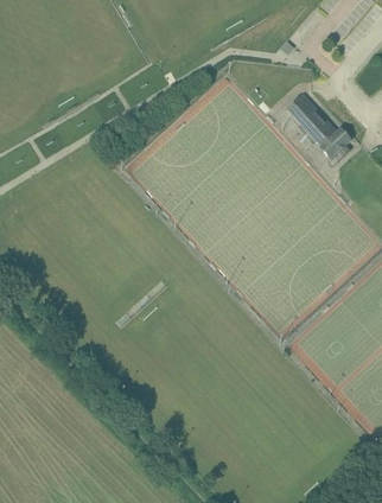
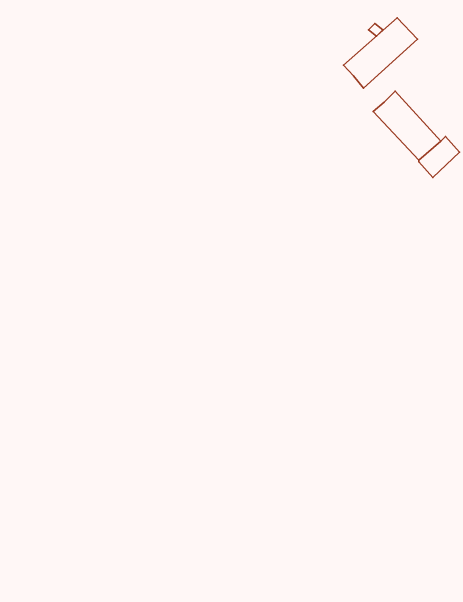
building: none -> [343,18,418,88]

